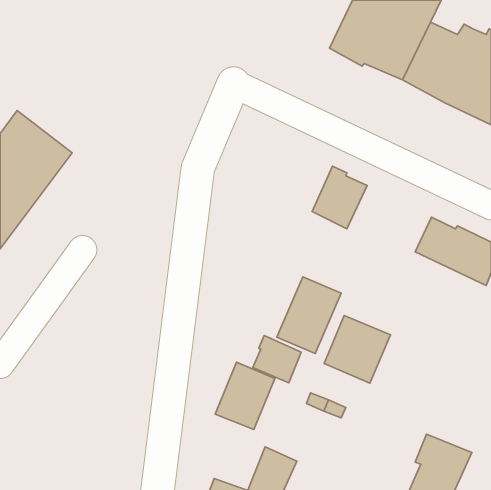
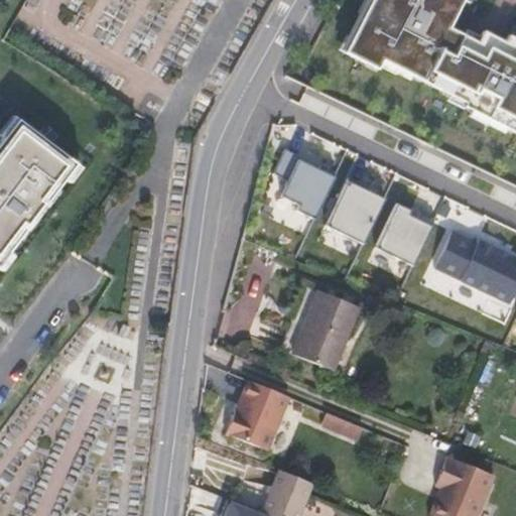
building: none -> [275,146,338,217]
building: none -> [377,203,434,262]
building: [324,316,391,383] -> none
building: [253,336,301,383] -> none

